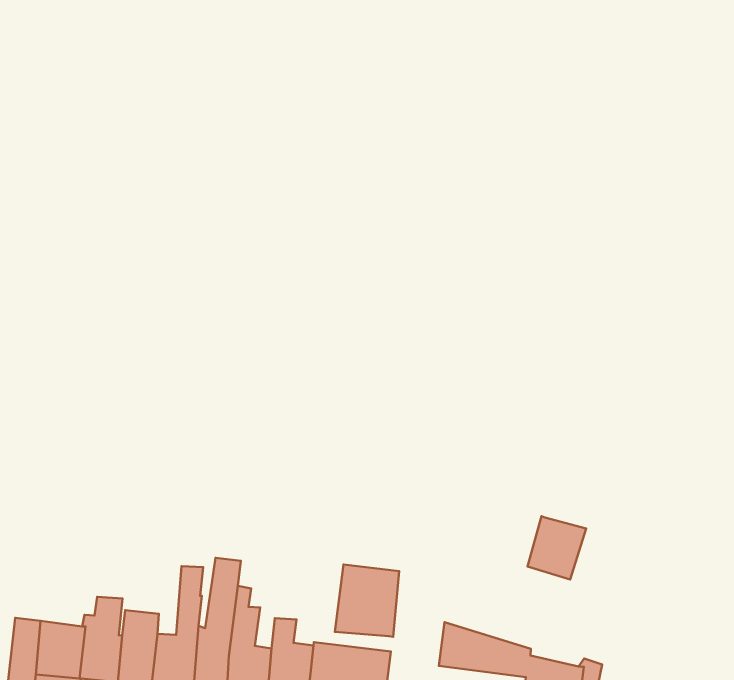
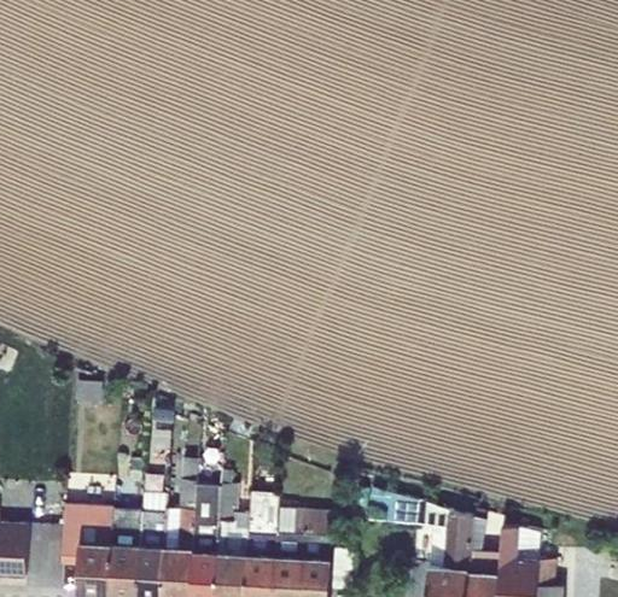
building: [527,516,586,580] -> none
building: [335,564,399,637] -> none

